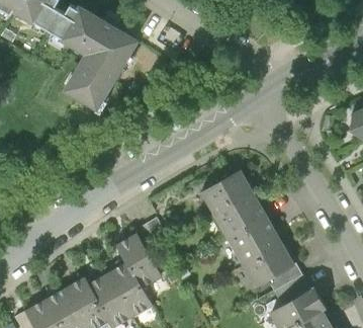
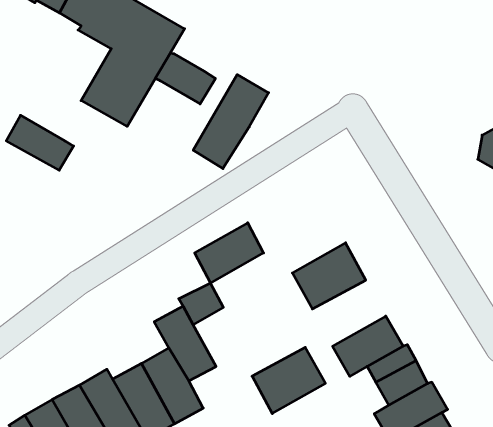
building: none -> [155,53,215,104]
building: none -> [193,75,269,169]
building: none -> [6,115,74,170]
building: [203,169,252,212] -> [195,223,264,283]
building: [229,217,280,263] -> [252,347,325,414]

